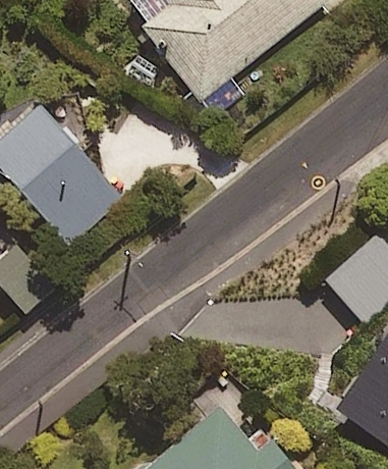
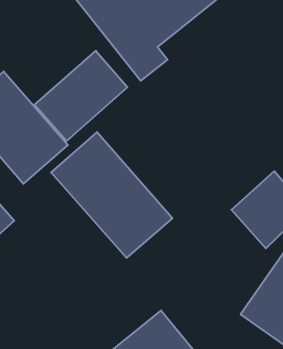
building: none -> [34,51,127,141]
building: none -> [51,132,172,258]

